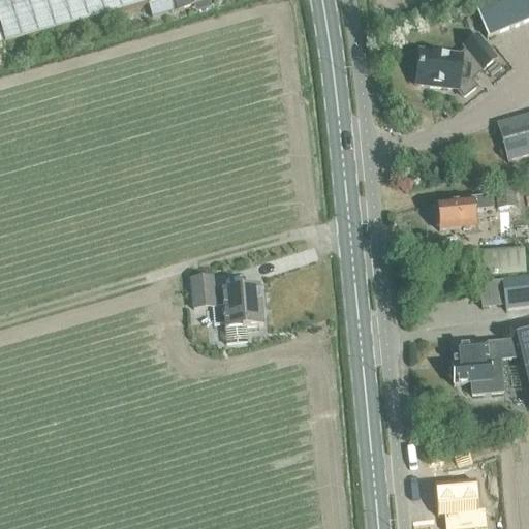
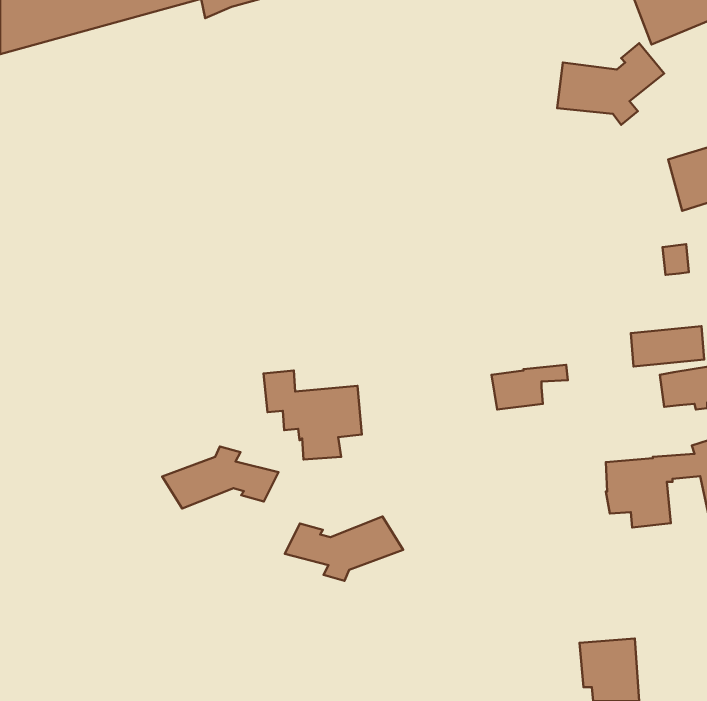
building: [437,193,494,226] -> [491,365,568,409]
building: none -> [162,447,279,508]
building: none -> [285,516,403,581]

